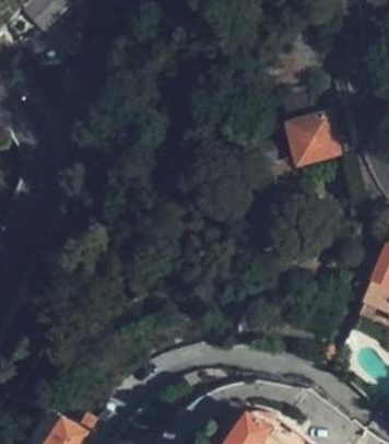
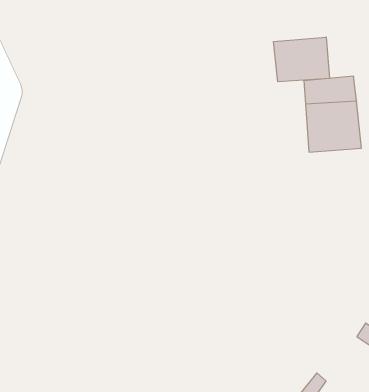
building: none -> [274,37,329,82]

